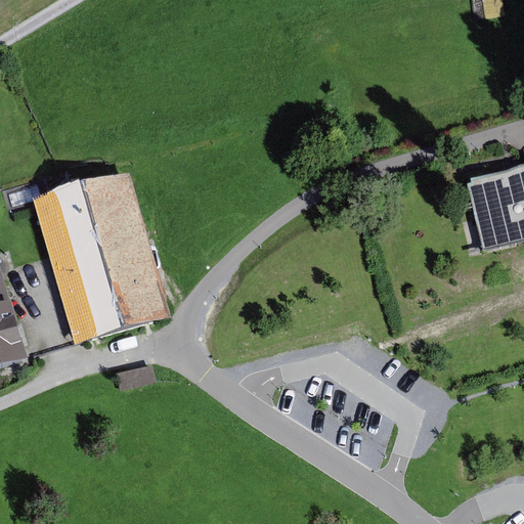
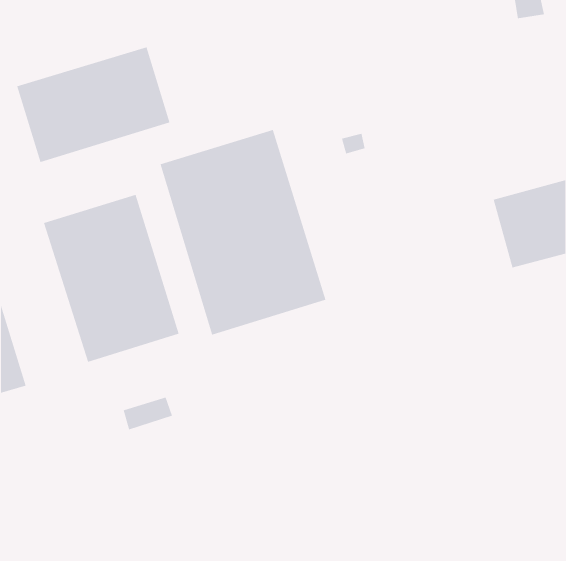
building: none -> [16,46,170,163]
building: none -> [160,129,326,336]

